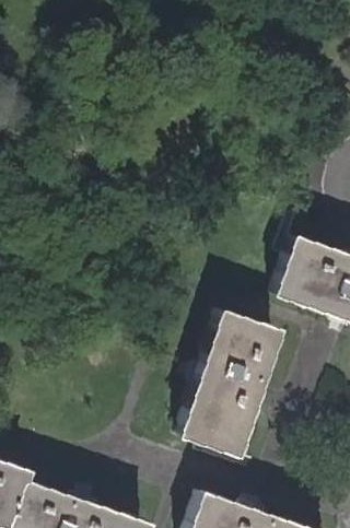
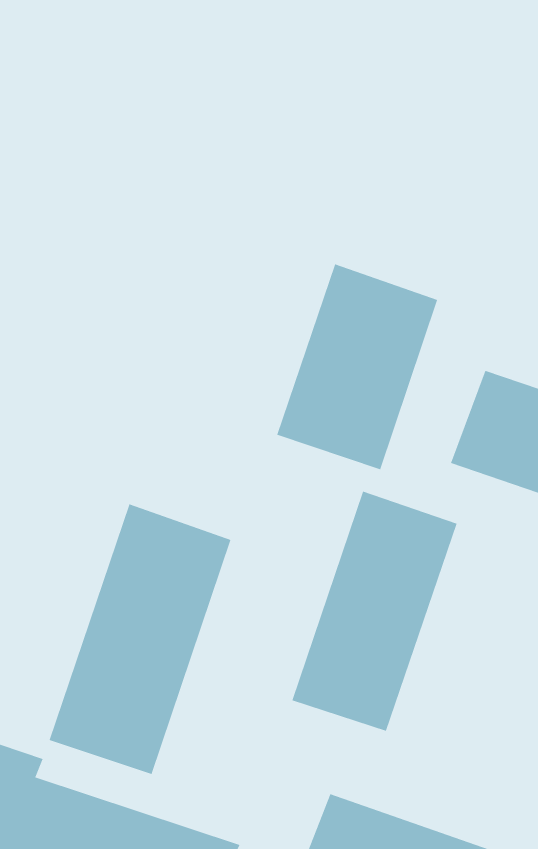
building: none -> [276,264,438,470]
building: none -> [49,504,231,775]

